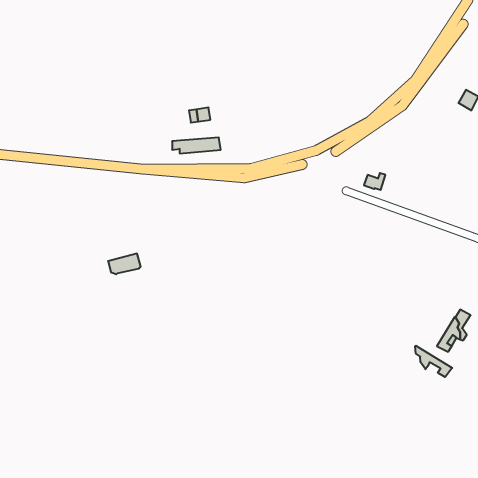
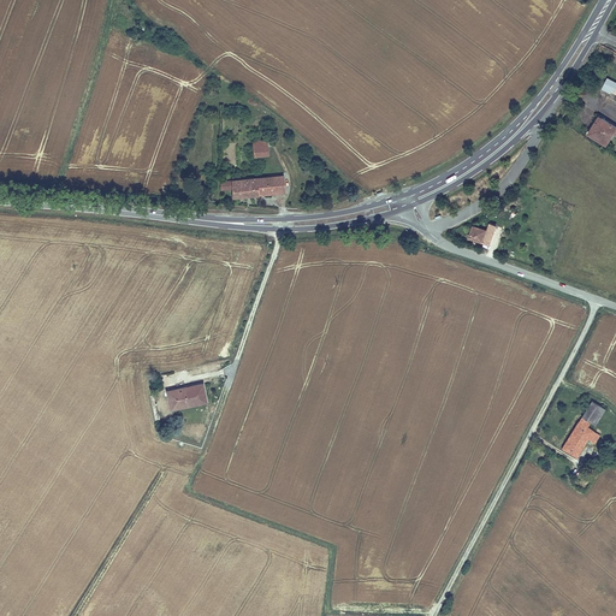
building: [108,254,141,274] -> [166,384,208,410]
building: [415,346,452,377] -> none

